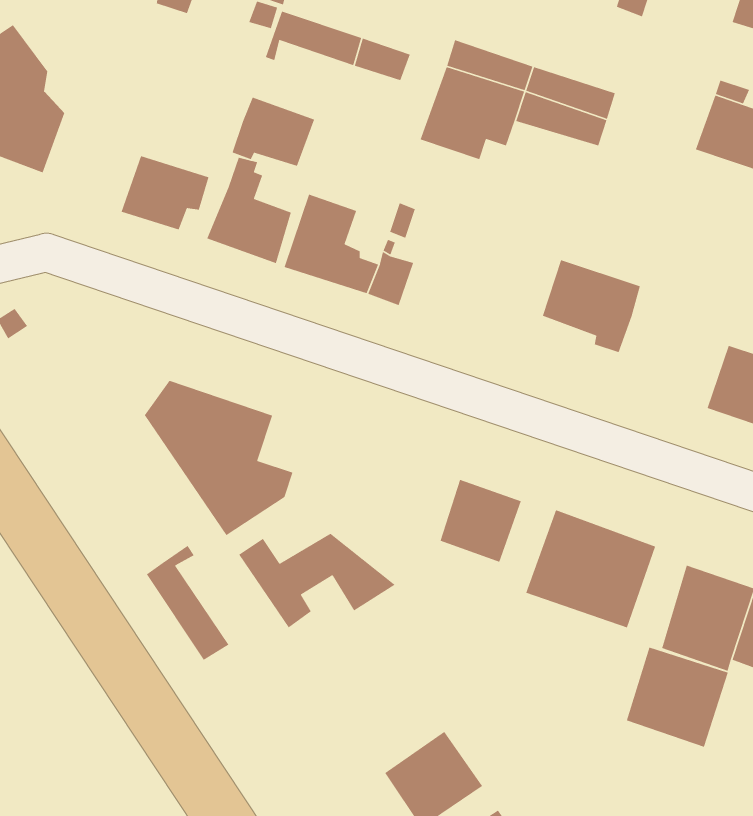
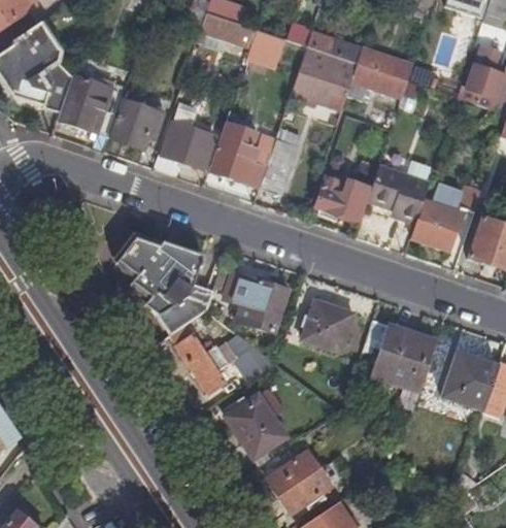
building: [232,97,315,167] -> none
building: none -> [59,75,124,136]
building: none -> [316,177,367,219]
building: none -> [409,187,481,251]
building: none -> [227,273,289,332]
building: [146,545,230,661] -> none
building: none -> [228,396,285,458]
building: [626,647,729,748] -> none

